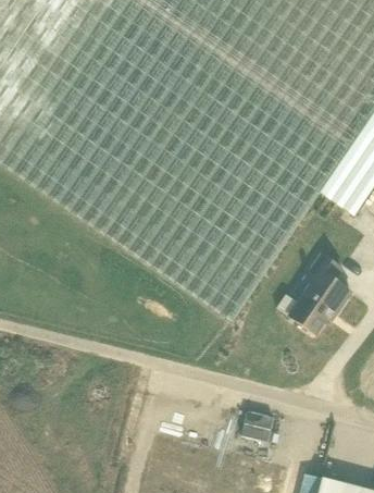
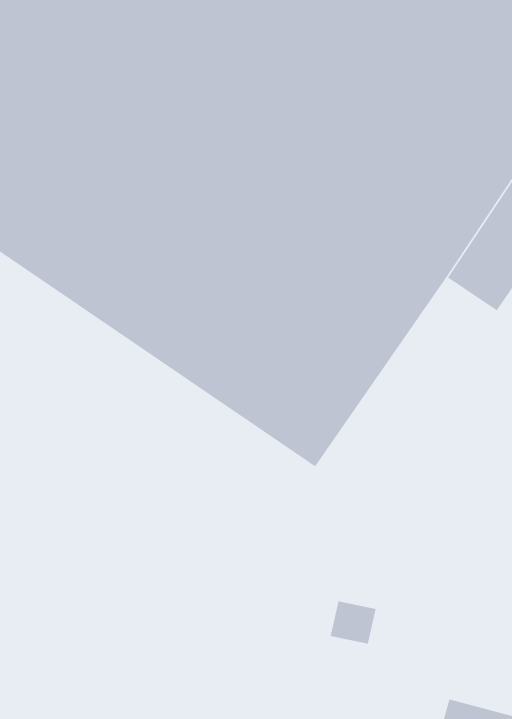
building: [278,252,351,333] -> none

